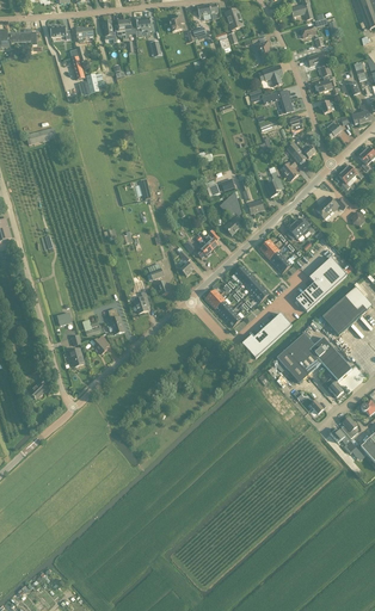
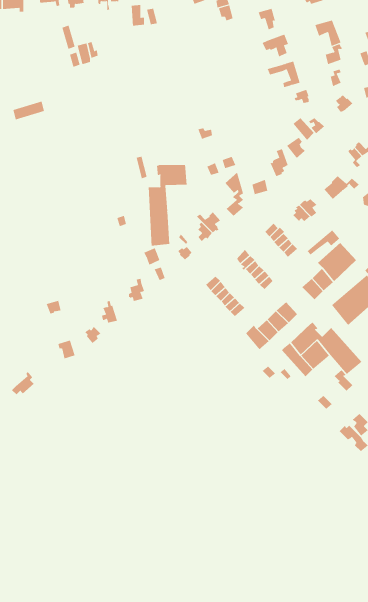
building: none -> [148,164,187,246]

